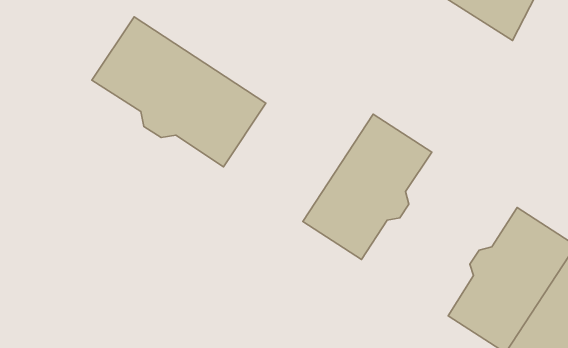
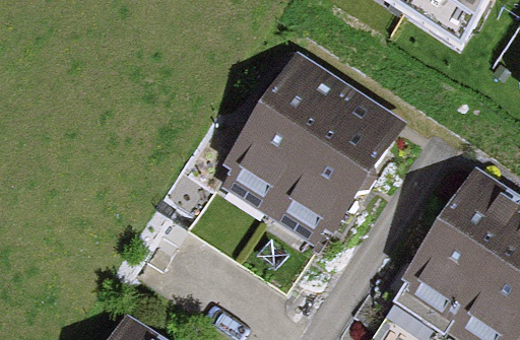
building: [92,17,266,167] -> none
building: none -> [228,68,340,196]

